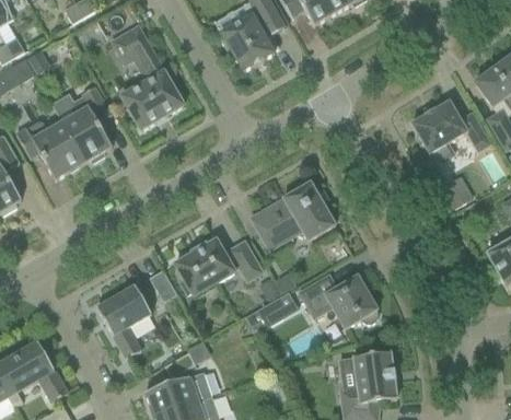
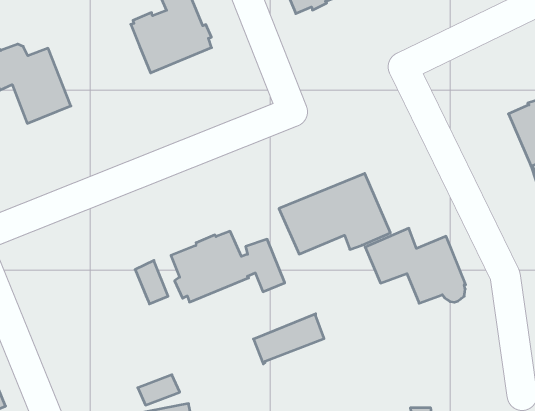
building: [61,85,112,162] -> none
building: [298,272,376,327] -> [365,228,466,303]
building: [95,284,151,358] -> none

